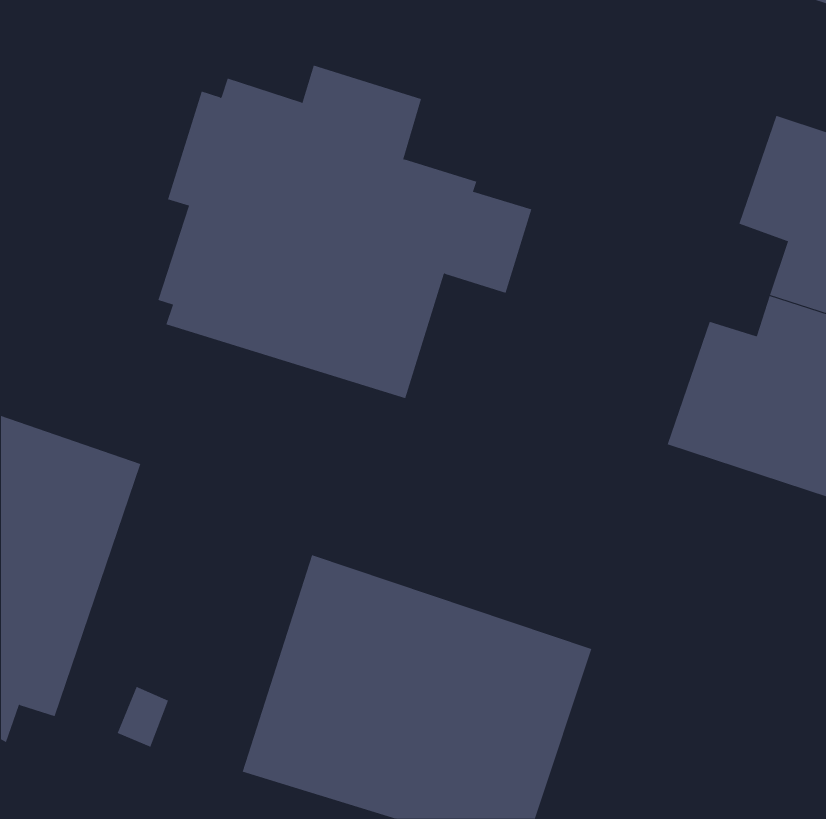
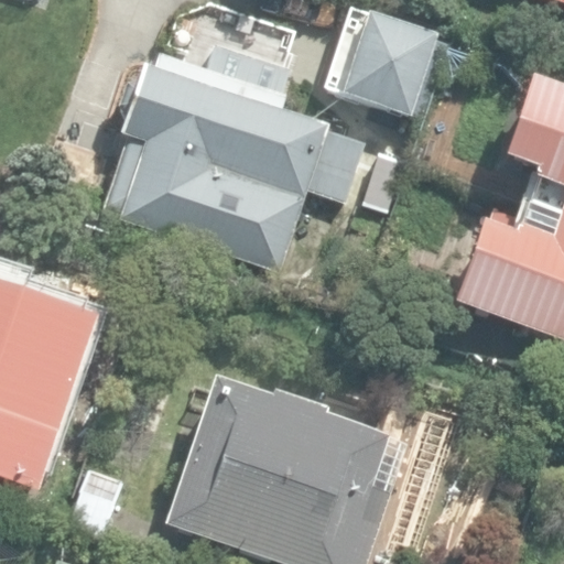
building: none -> [339,8,440,116]

